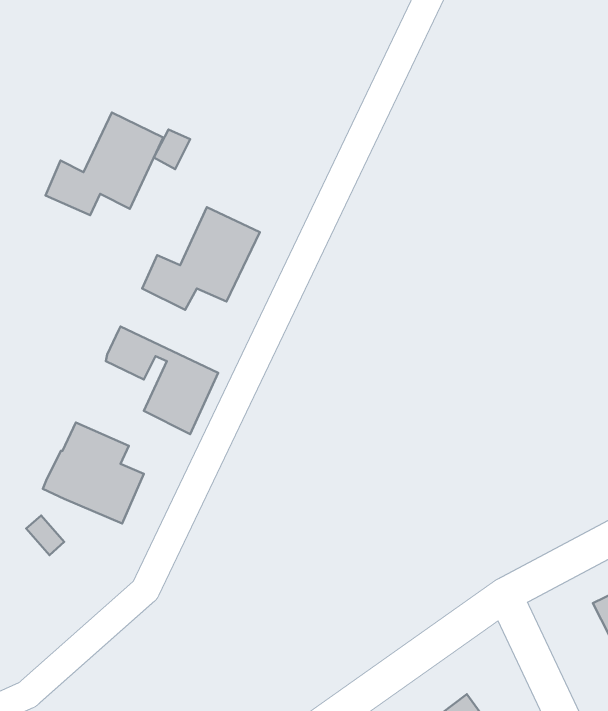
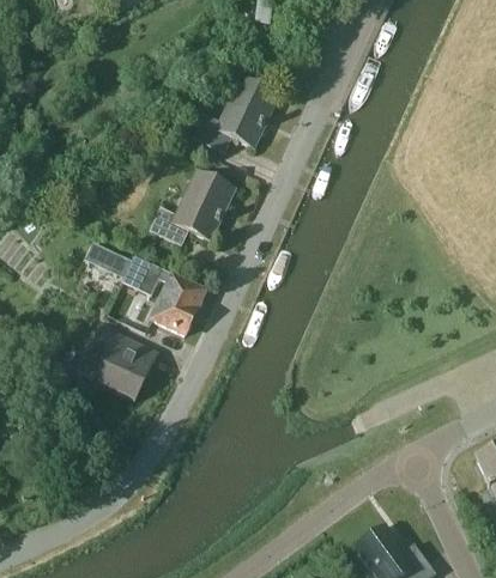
building: [45,113,163,215] -> [192,78,277,152]
building: none -> [85,242,132,278]

